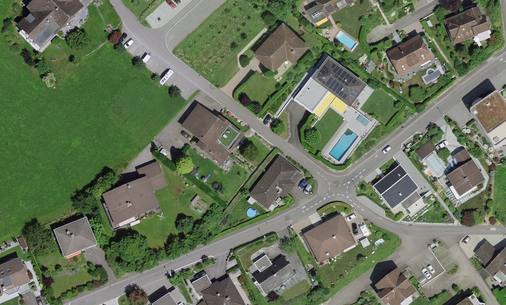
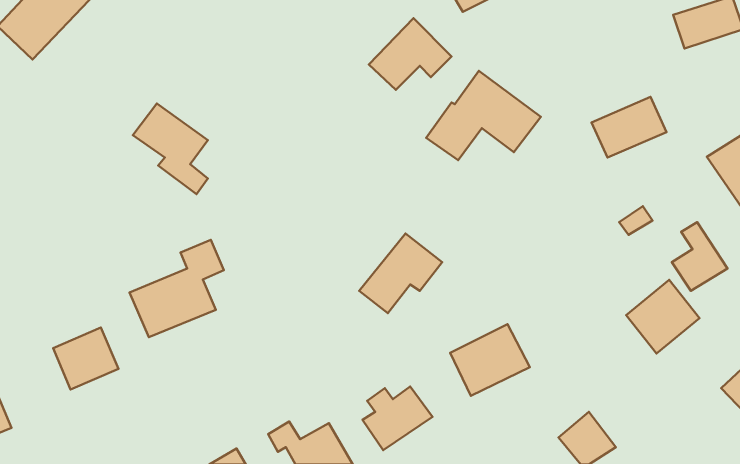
building: [387,38,434,76] -> [592,97,666,158]
building: [183,106,230,163] -> [133,103,208,194]
building: [369,165,415,211] -> [626,280,699,353]

